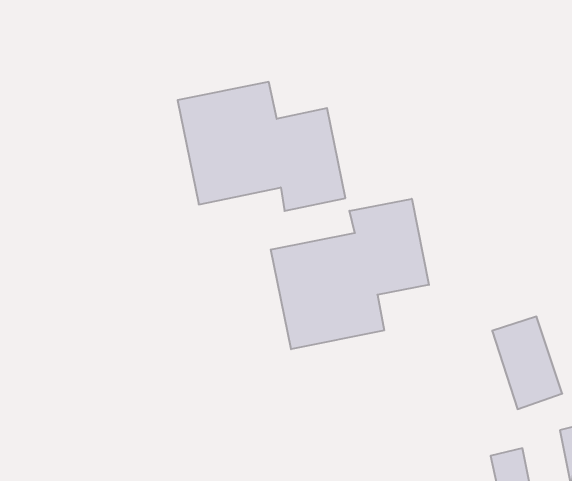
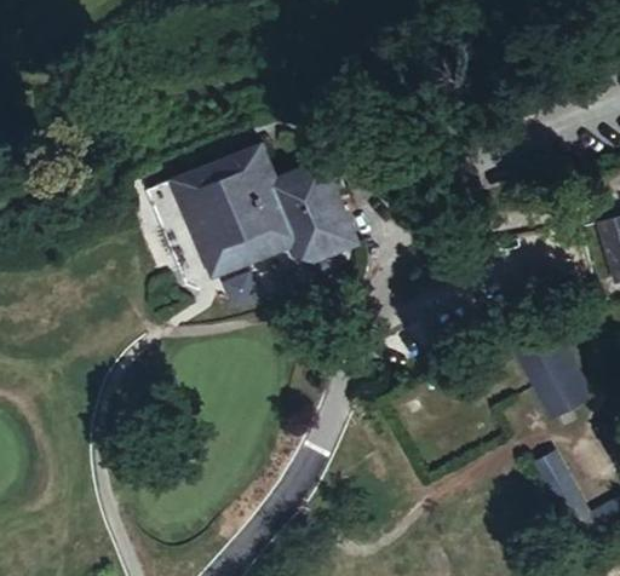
building: none -> [150,177,220,286]
building: [271,199,429,349] -> none

